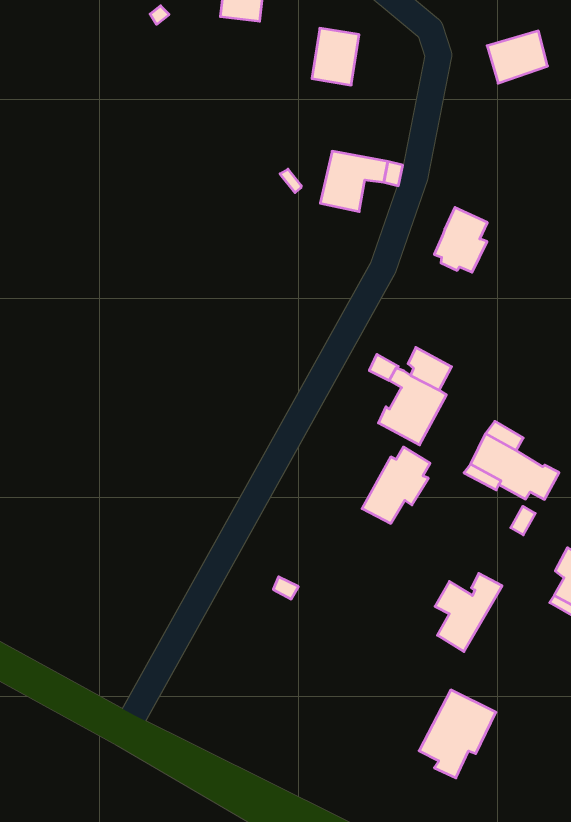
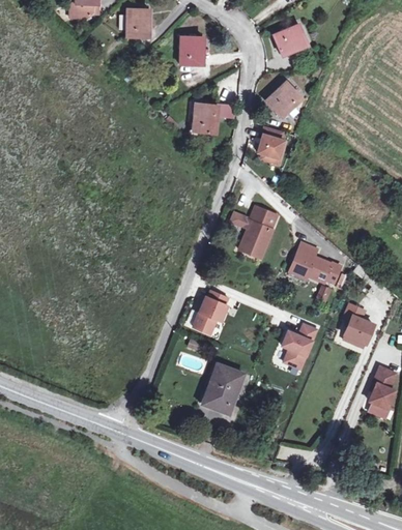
building: none -> [265,82,302,118]
building: [362,447,430,523] -> [193,290,227,332]
building: [419,690,496,778] -> [203,363,242,411]

